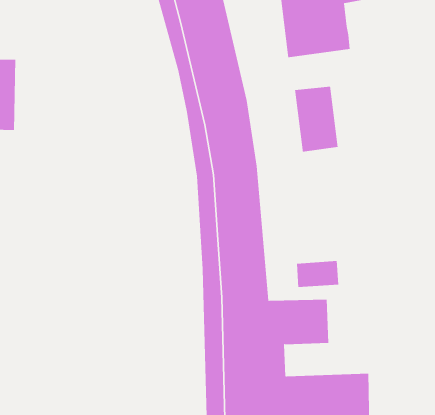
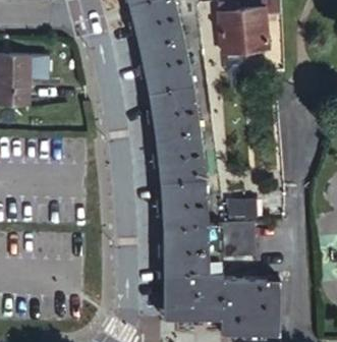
building: [295,86,338,153] -> none

